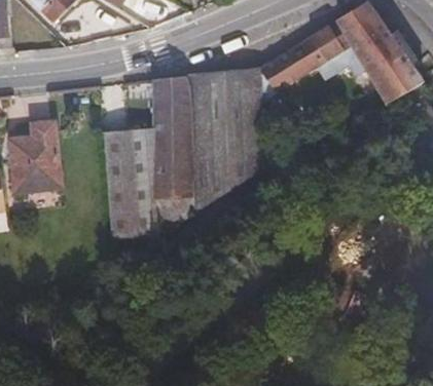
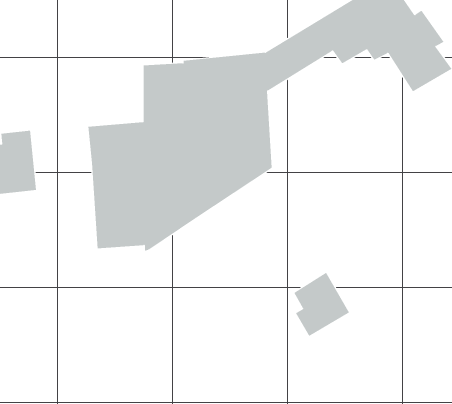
building: none -> [293,272,350,337]

